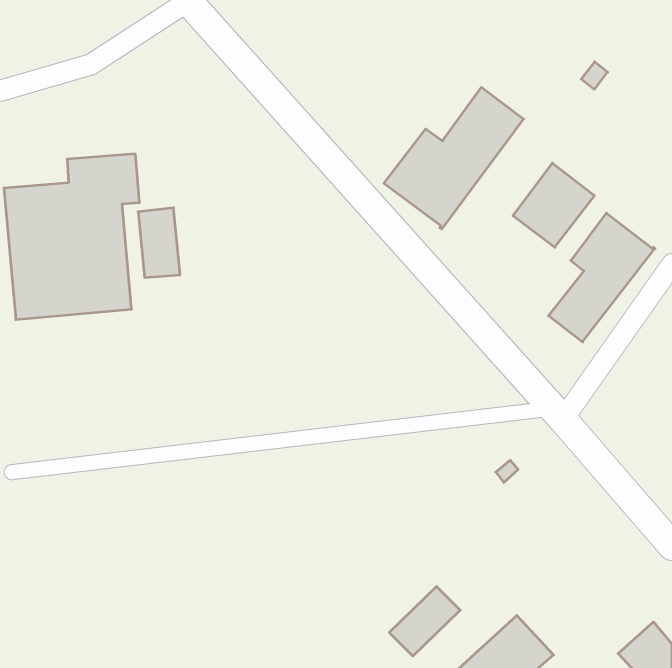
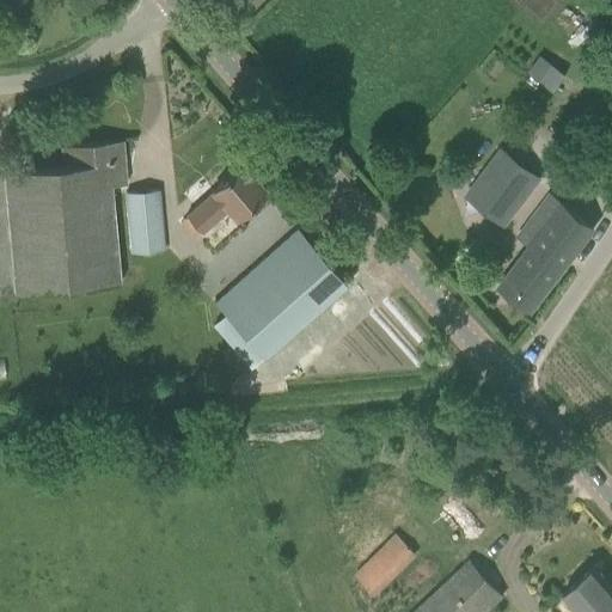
building: [384,87,524,229] -> none
building: none -> [186,169,265,235]
building: none -> [210,232,347,372]

